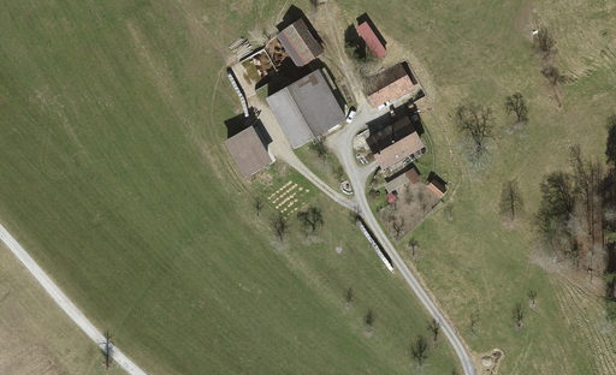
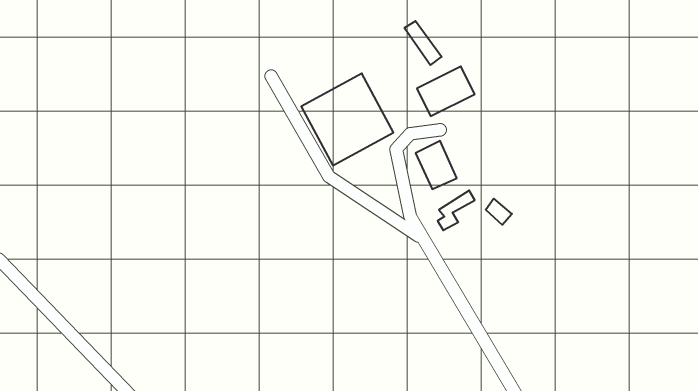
building: [282,19,324,66] -> none
building: [386,118,424,160] -> none
building: [223,125,272,177] -> none

